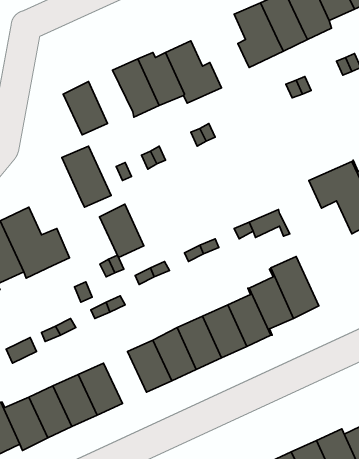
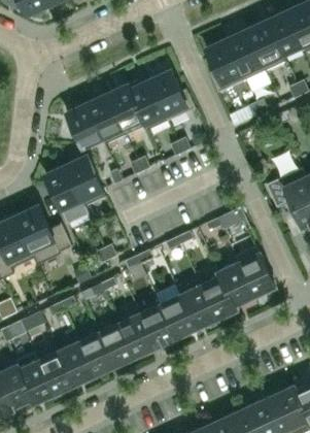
building: none -> [87,95,124,143]
building: [100,204,144,257] -> [44,166,80,209]
building: none -> [99,324,134,366]

